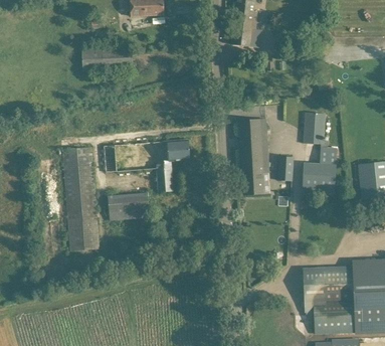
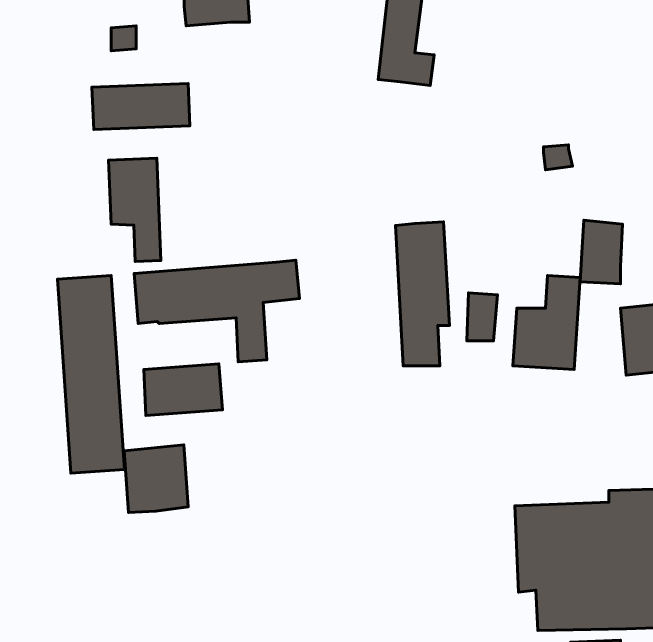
building: none -> [108,158,161,262]
building: [303,112,325,145] -> [580,220,622,284]
building: none -> [124,445,188,513]

